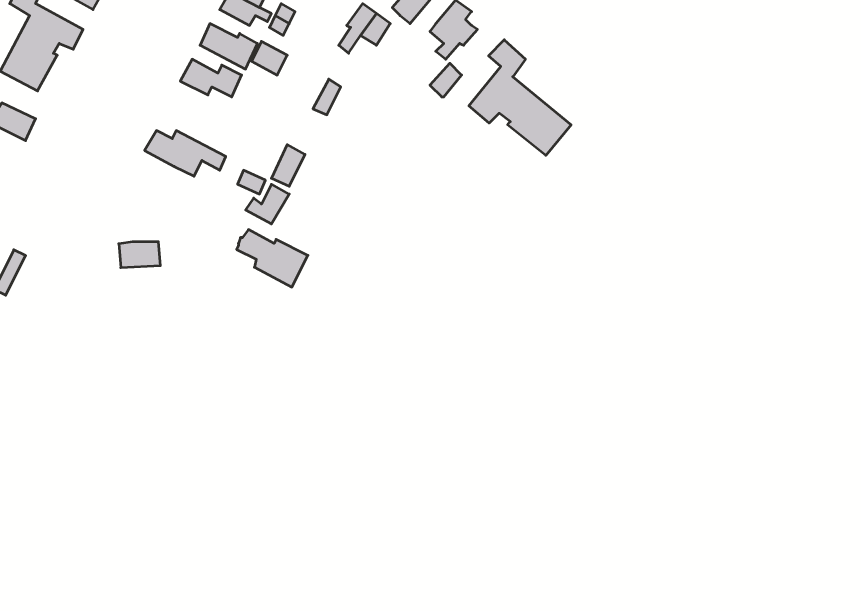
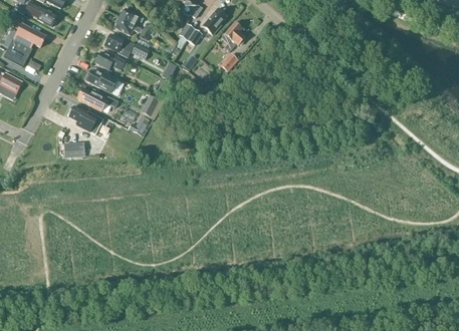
building: [469,40,571,155] -> none
building: none -> [85,69,124,95]
building: [237,230,308,287] -> [67,105,103,134]

